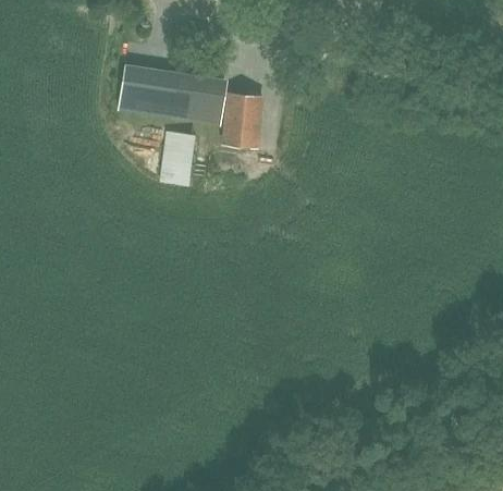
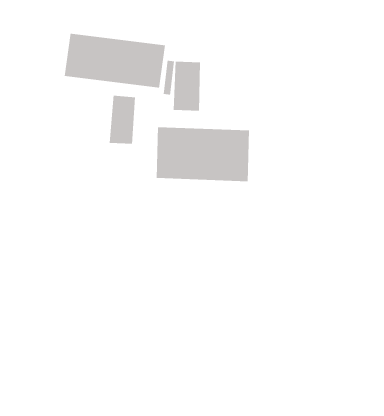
building: none -> [156,127,249,182]

